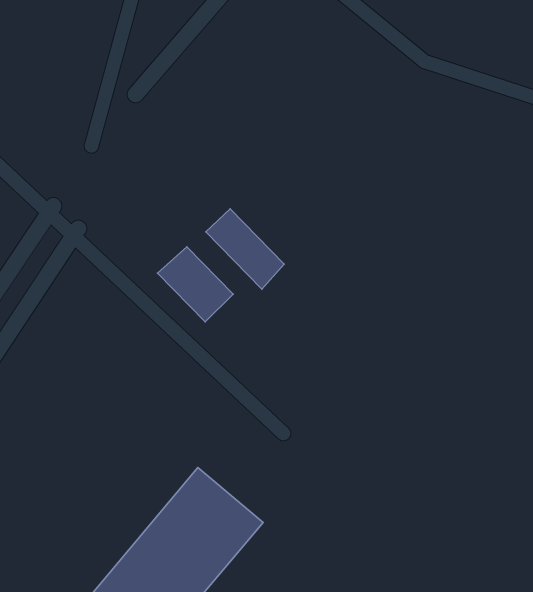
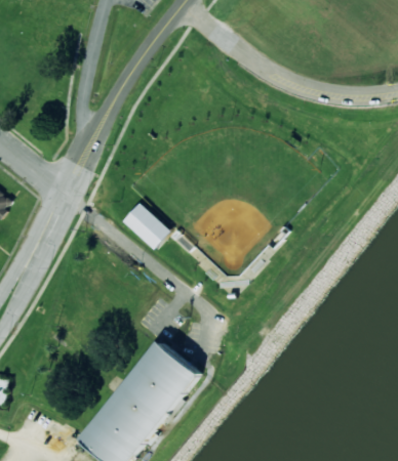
building: [206,209,284,289] -> none

